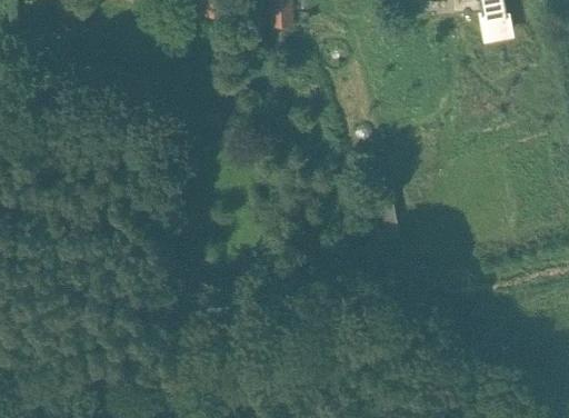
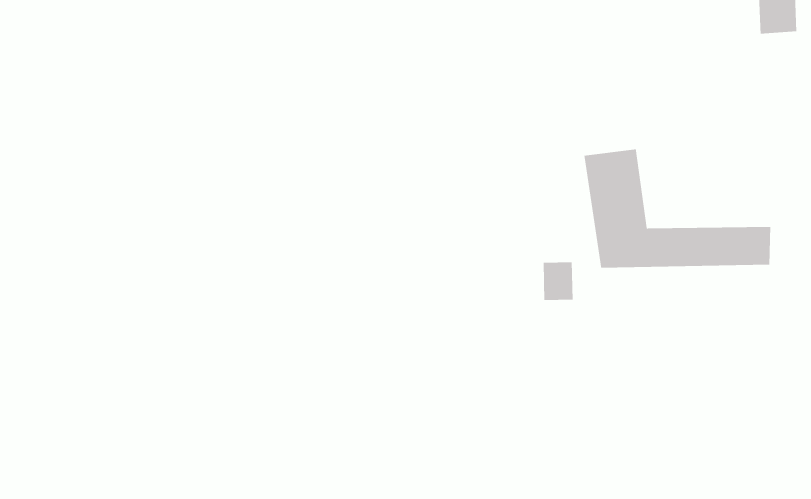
building: none -> [583,148,771,269]

